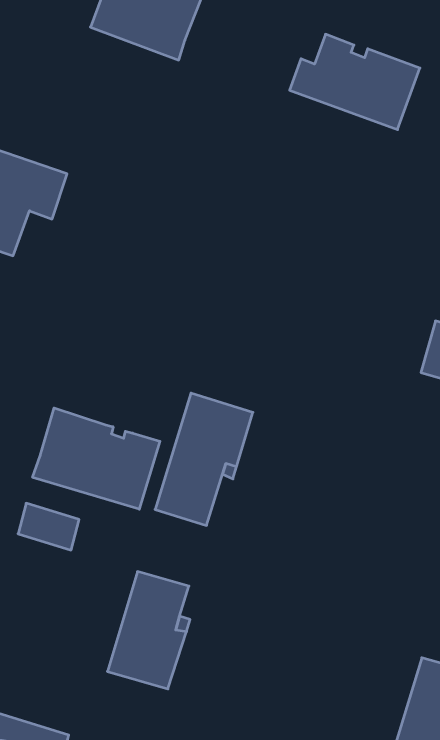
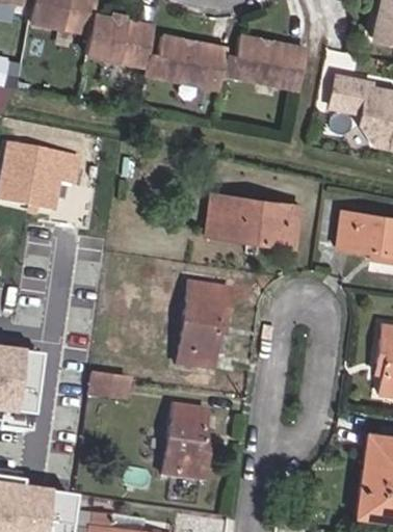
building: none -> [145,34,228,89]
building: none -> [207,193,300,247]
building: [33,408,160,509] -> none

